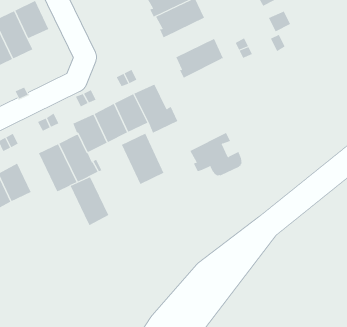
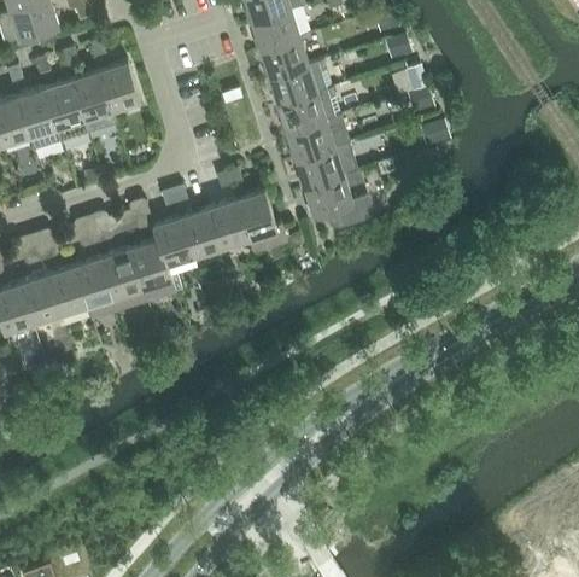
building: none -> [287,116,349,162]
building: [190,132,242,176] -> [304,171,369,226]
building: [121,133,164,185] -> none
building: [70,176,109,226] -> [75,257,119,320]

